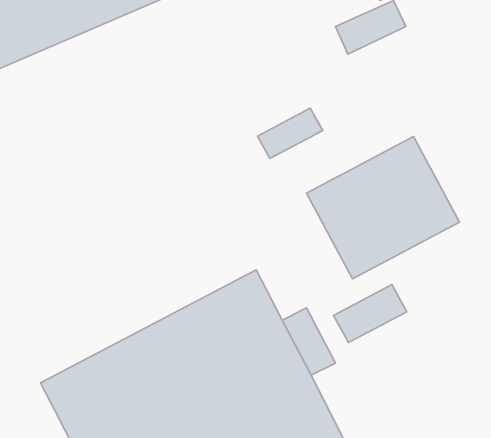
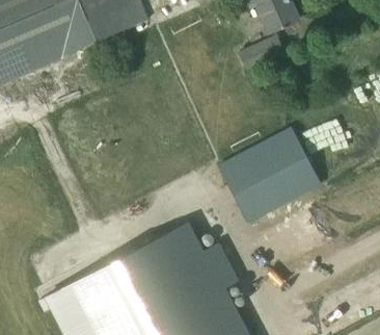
building: [257,108,323,158] -> none
building: [334,285,407,342] -> none

